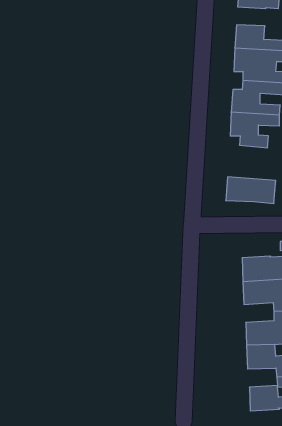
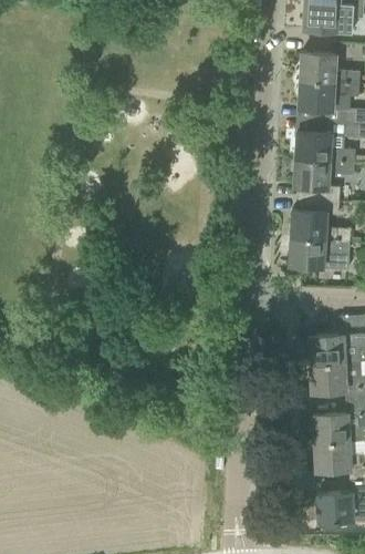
building: none -> [291,199,351,243]

